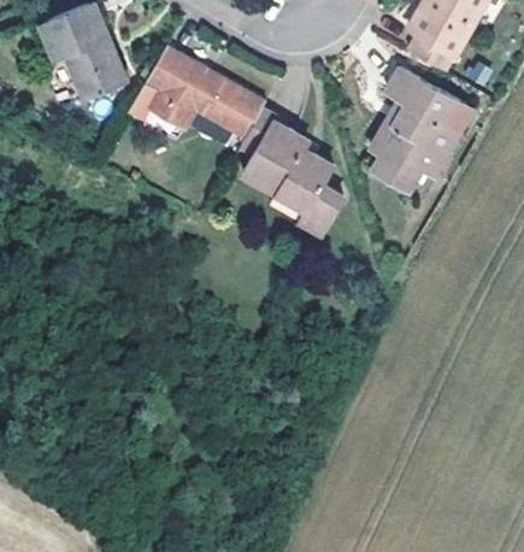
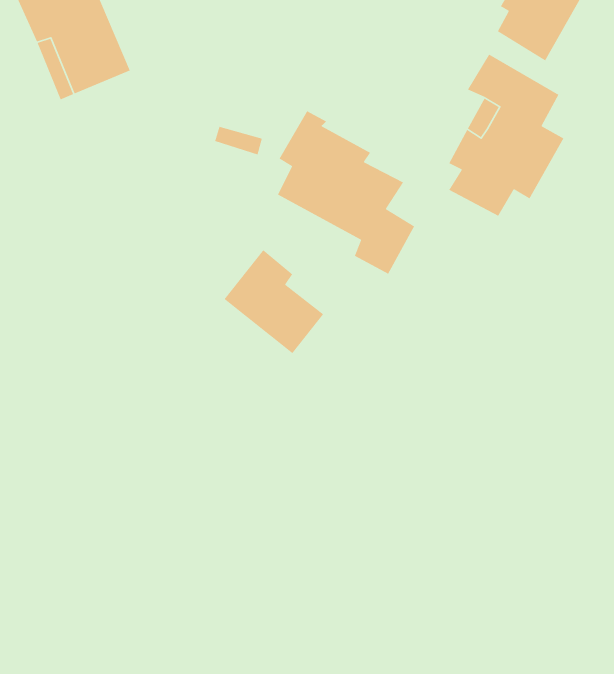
building: [145,46,265,139] -> none
building: none -> [223,249,324,354]

